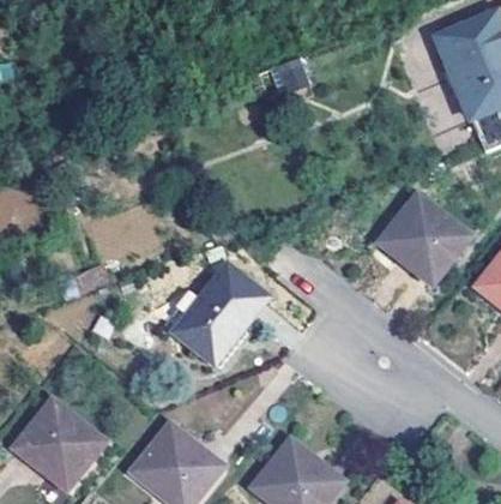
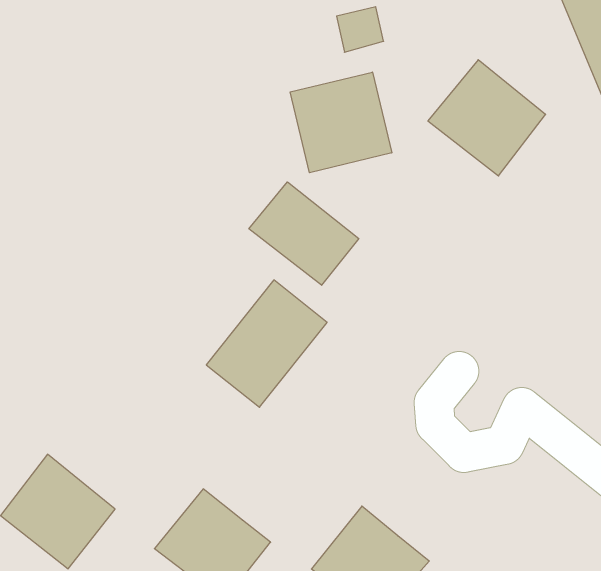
building: none -> [290,72,392,173]
building: none -> [249,182,359,285]
building: [376,197,466,286] -> [428,60,546,176]

